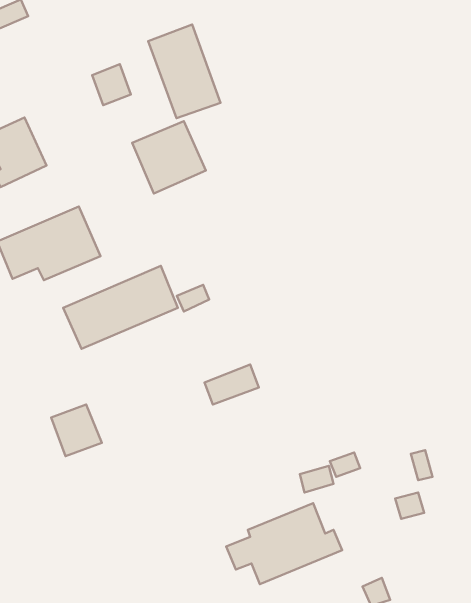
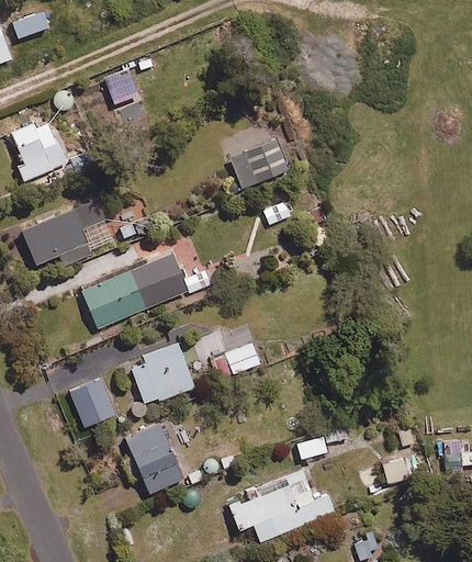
building: [148,24,220,118] -> none
building: [132,121,206,193] -> [224,125,291,191]
building: none -> [132,344,193,404]
building: none -> [124,424,182,493]

